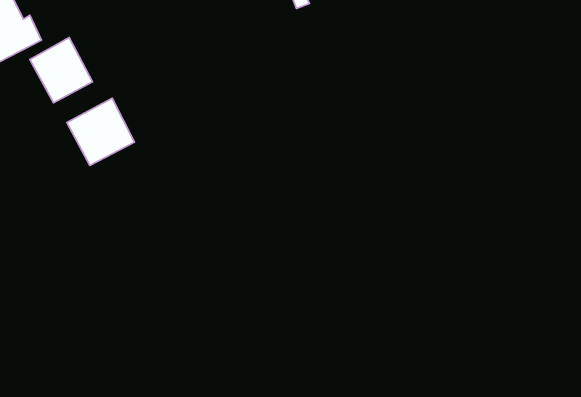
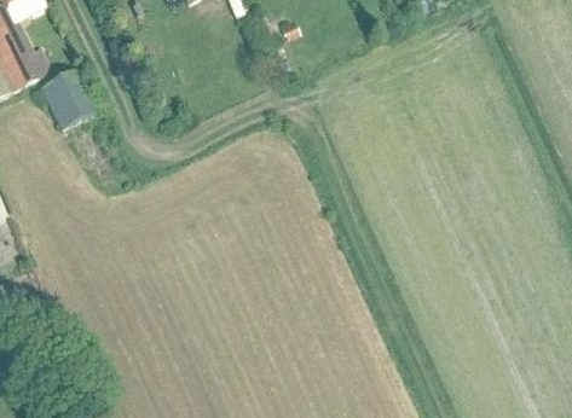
building: [67,98,134,165] -> none

